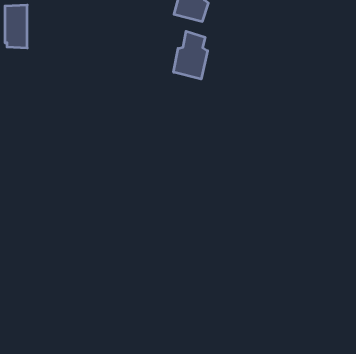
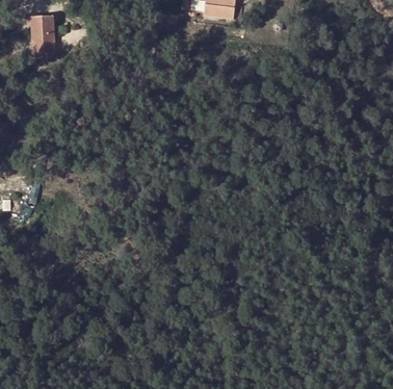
building: [174,31,208,79] -> none

